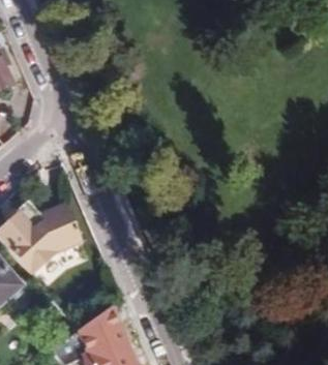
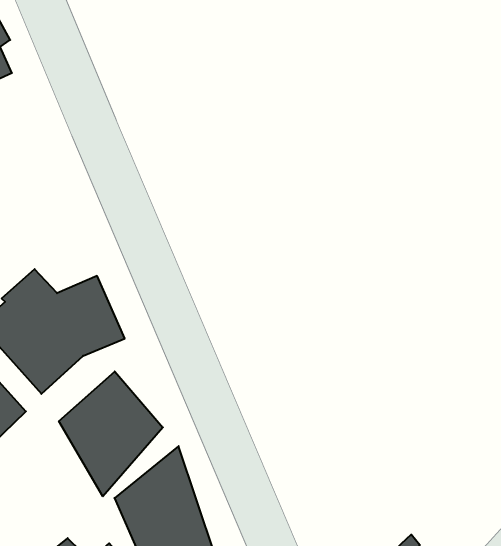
building: none -> [59,371,163,496]

